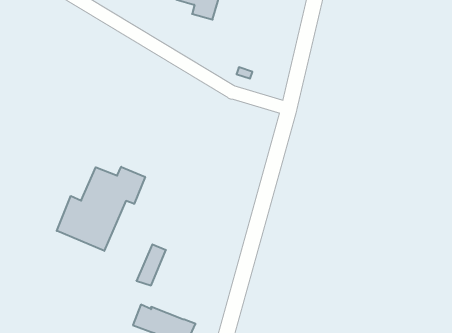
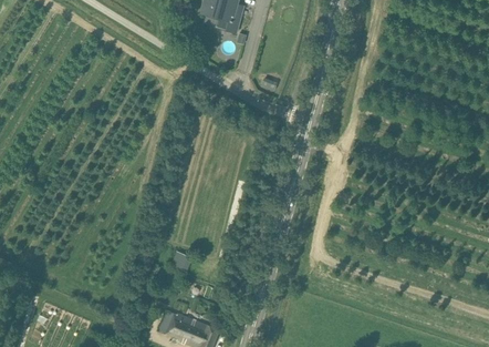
building: [57,167,145,251] -> none

